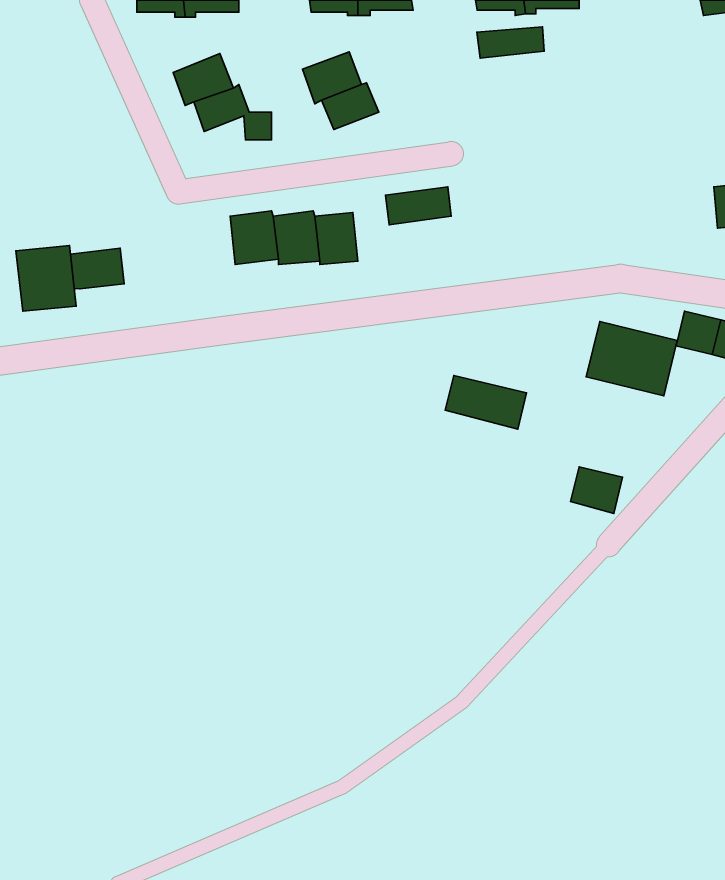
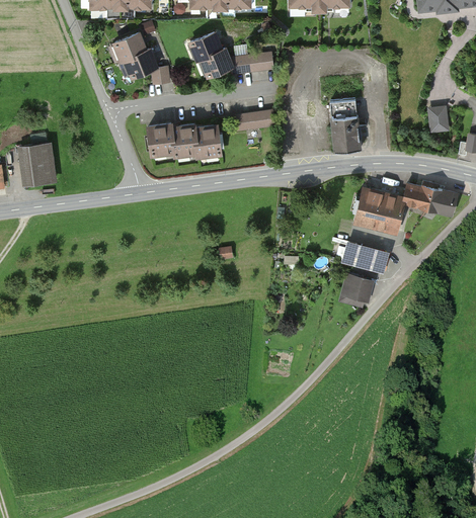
building: [477,27,544,58] -> [234,55,273,73]
building: none -> [328,99,361,151]
building: [71,248,124,289] -> none
building: [445,375,527,429] -> [342,241,390,272]

